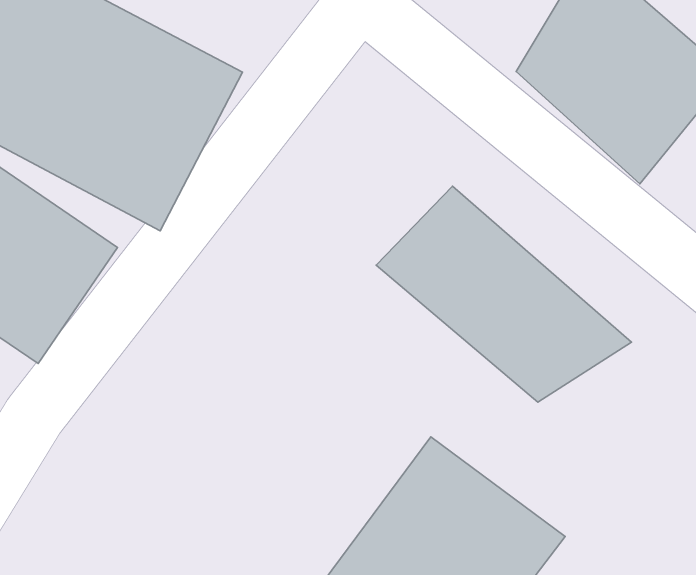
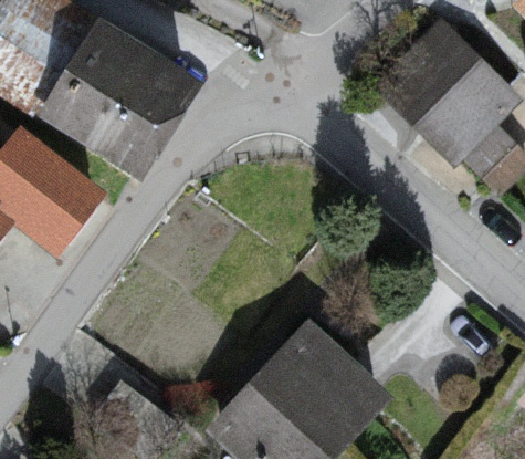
building: [376,186,631,402] -> none

